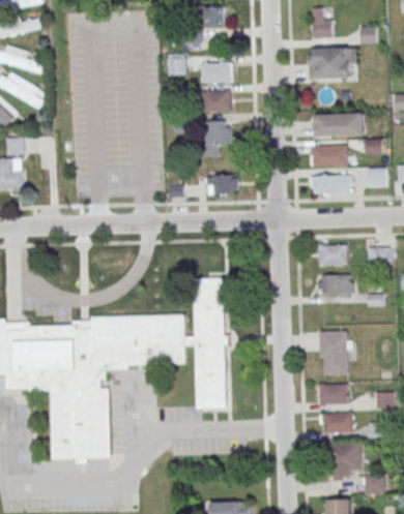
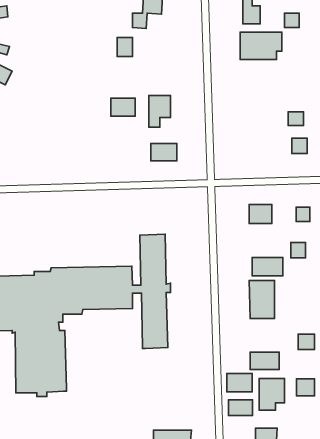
building: [201,62,232,83] -> none
building: [203,91,231,112] -> [111,98,135,116]
building: [312,114,363,135] -> none
building: [310,144,346,167] -> none
building: [310,175,350,193] -> none
building: [317,274,352,295] -> [252,258,283,276]
building: [319,384,348,404] -> [227,374,252,392]
building: none -> [228,400,252,416]
building: [364,475,384,494] -> [296,379,314,396]

